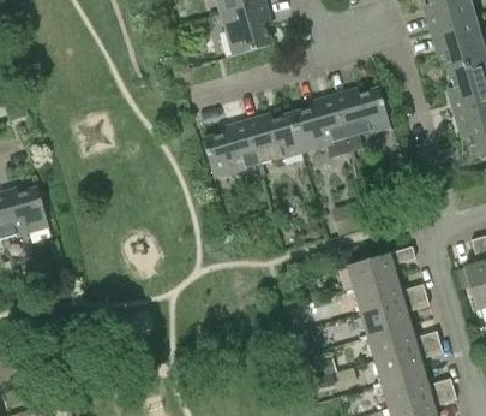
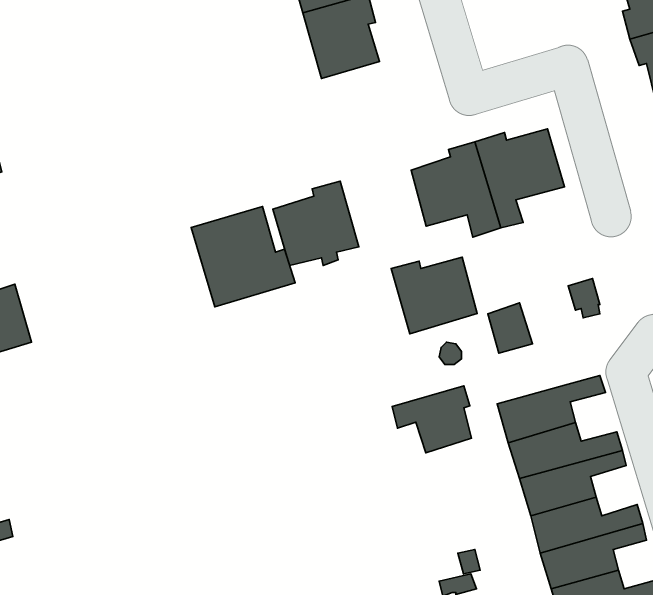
building: [245,114,300,164] -> [391,257,477,334]
building: none -> [191,206,295,307]
building: none -> [392,386,472,453]

